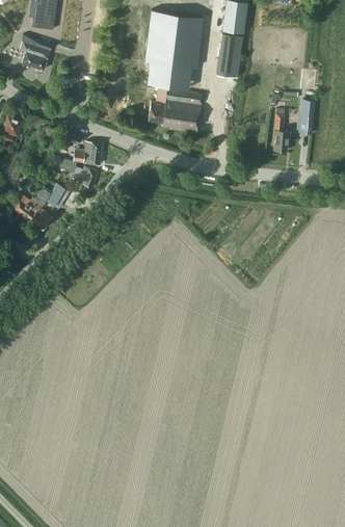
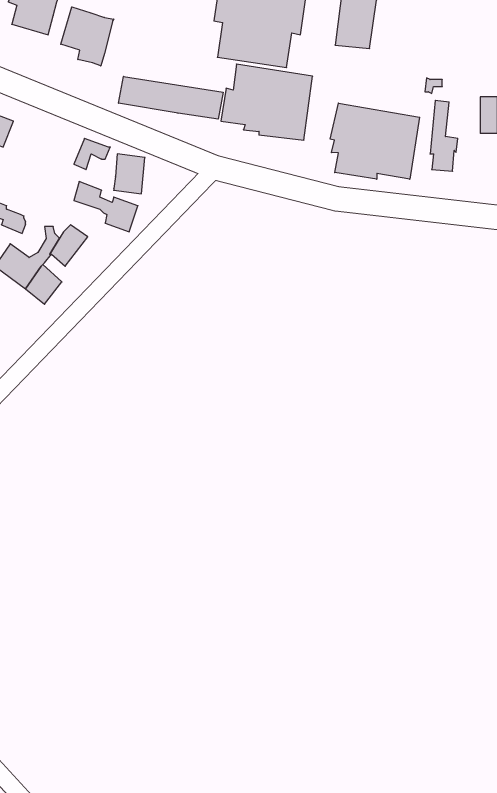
building: none -> [61,7,114,66]
building: none -> [119,76,223,119]
building: none -> [330,103,420,179]

